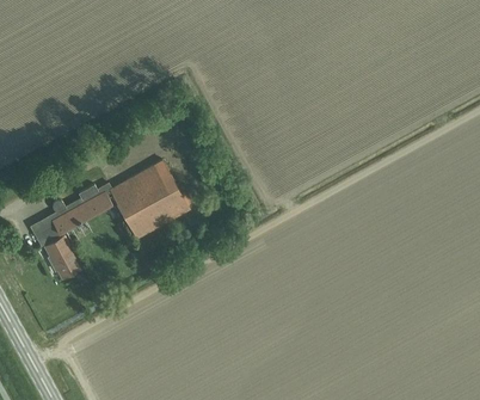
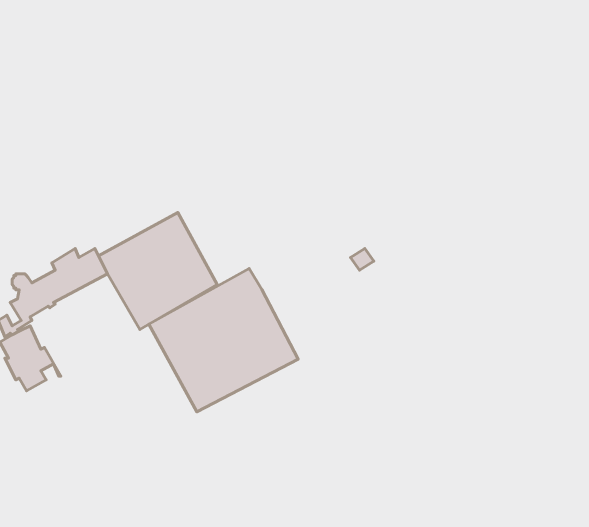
building: none -> [149,269,298,412]

